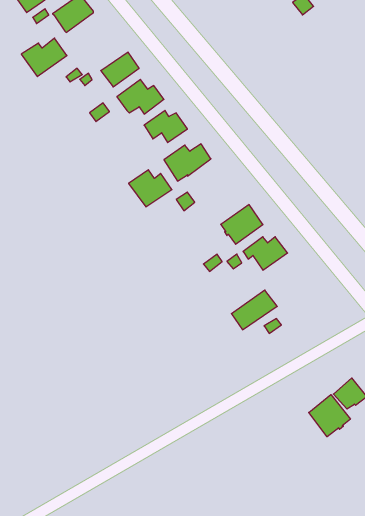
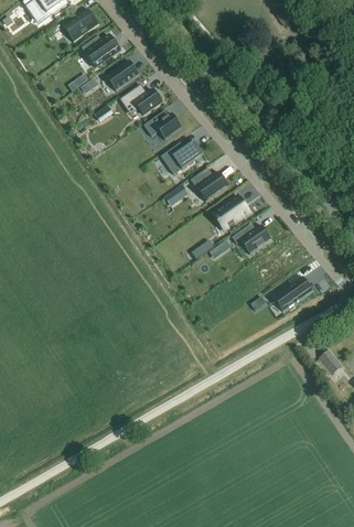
building: [21,38,67,77] -> [78,34,119,68]
building: [129,170,172,207] -> [190,168,228,201]
building: [231,290,277,330] -> [272,276,313,311]
building: [309,395,350,437] -> none

